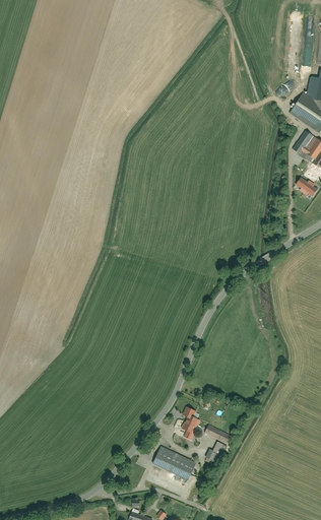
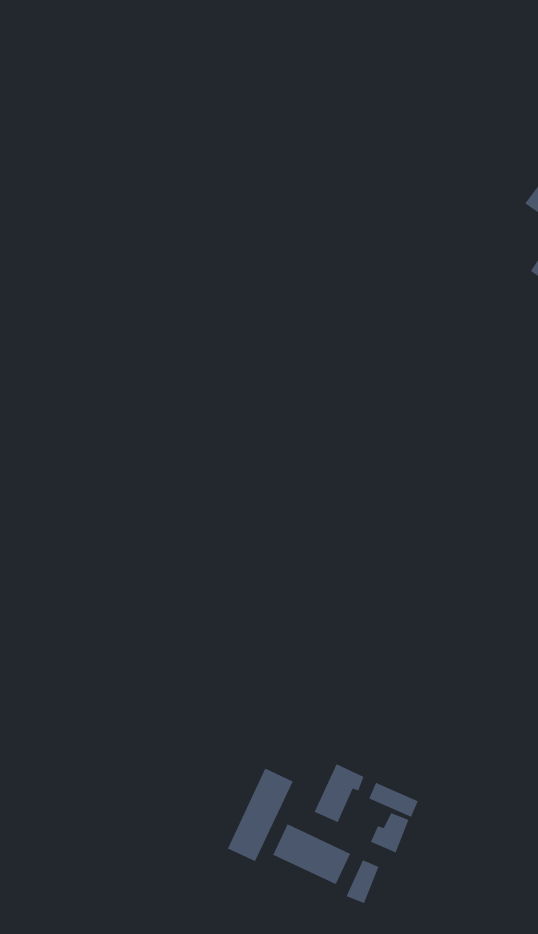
building: none -> [227,768,294,862]

